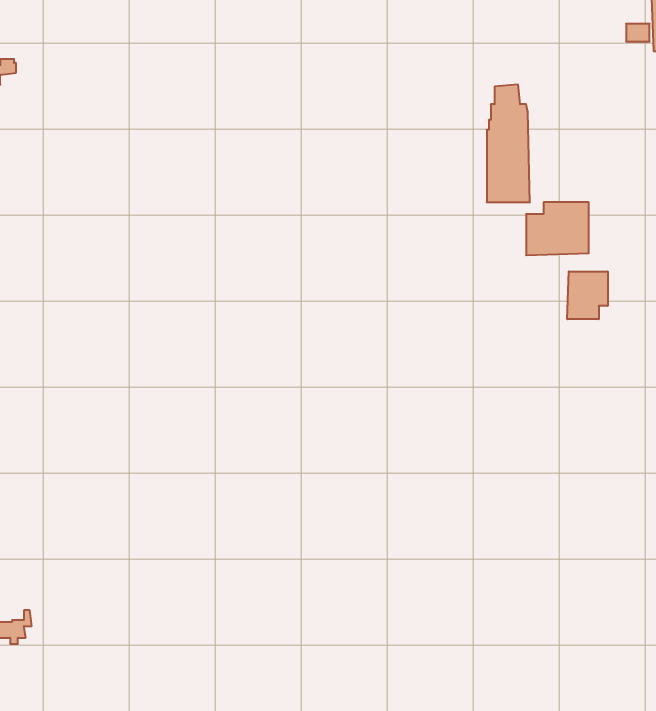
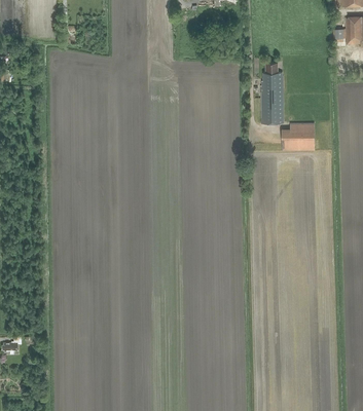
building: [567,271,608,319] -> none

